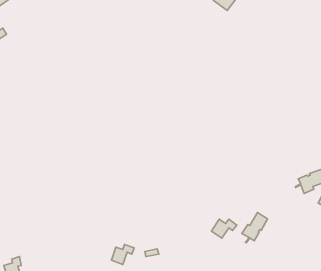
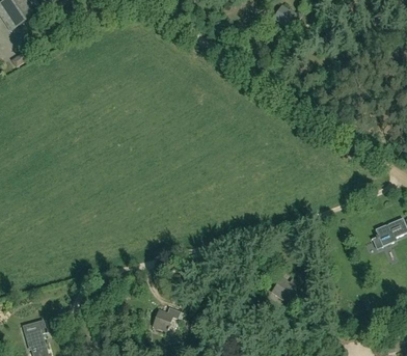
building: [242,213,268,243] -> none

